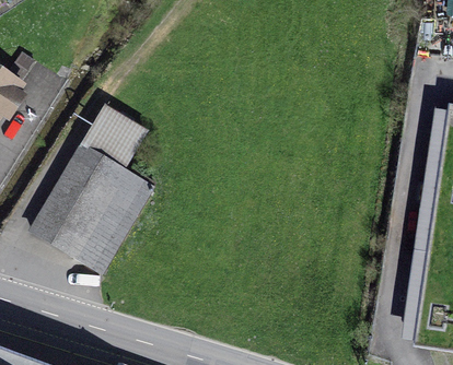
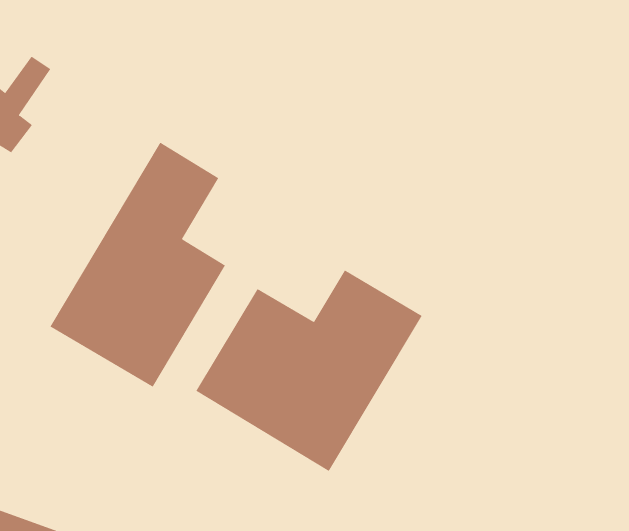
building: none -> [195,270,422,472]

